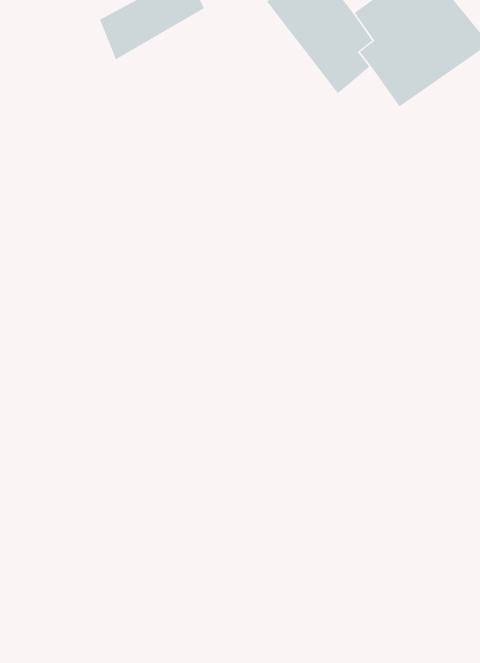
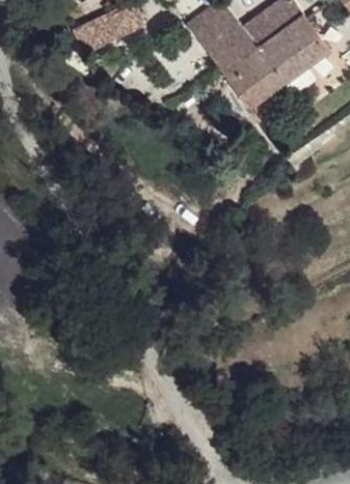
building: none -> [231,63,270,107]

